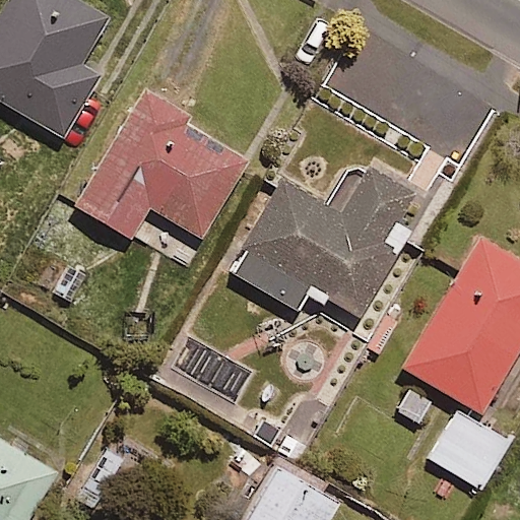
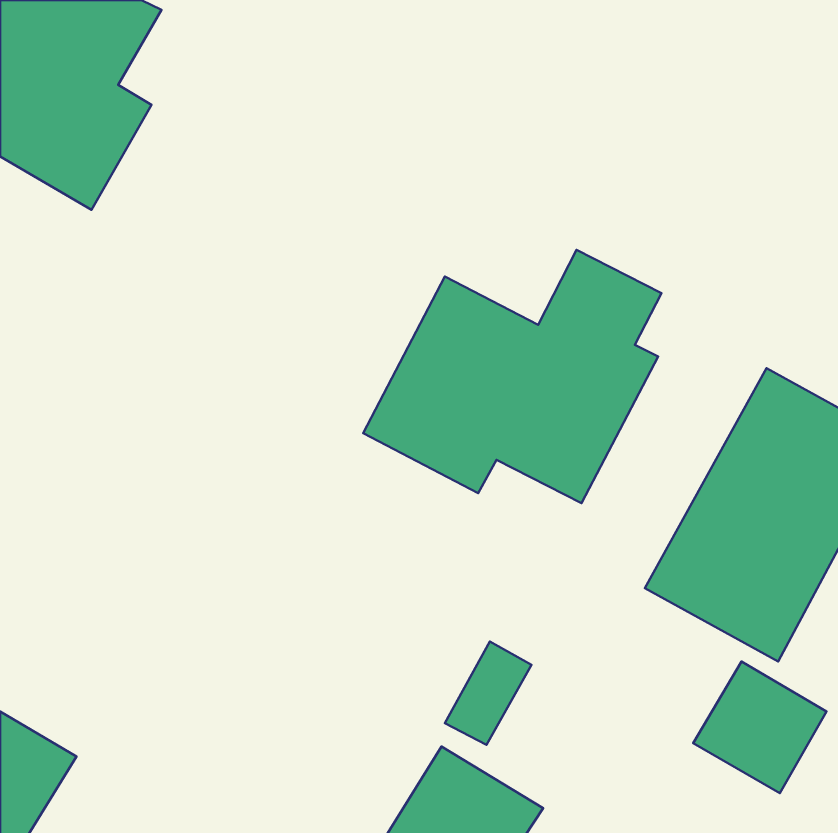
building: [73,88,247,240] -> none

